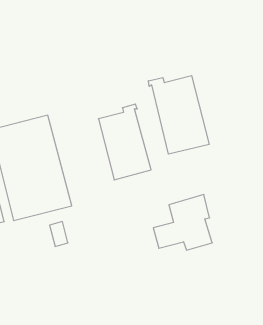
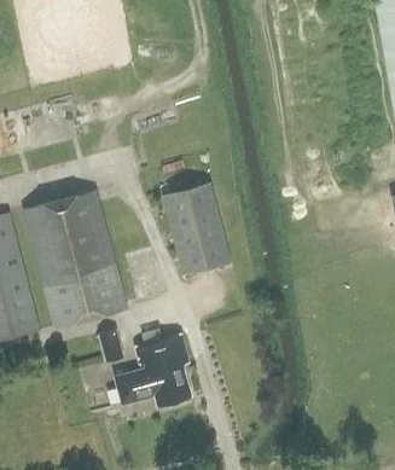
building: [148,76,209,154] -> none
building: [153,195,212,250] -> [112,335,190,407]

